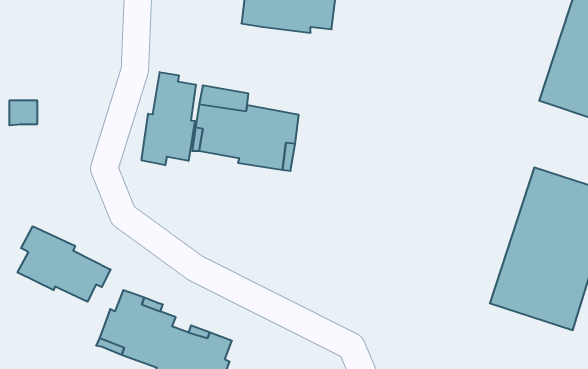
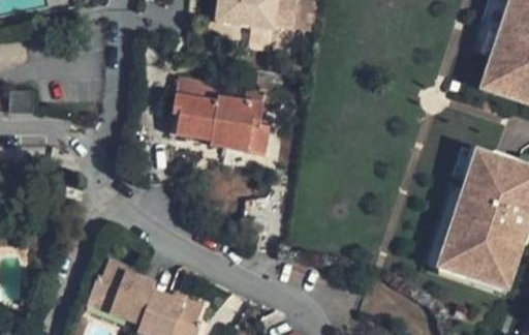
building: [142,72,196,165] -> none
building: [18,226,111,302] -> none

